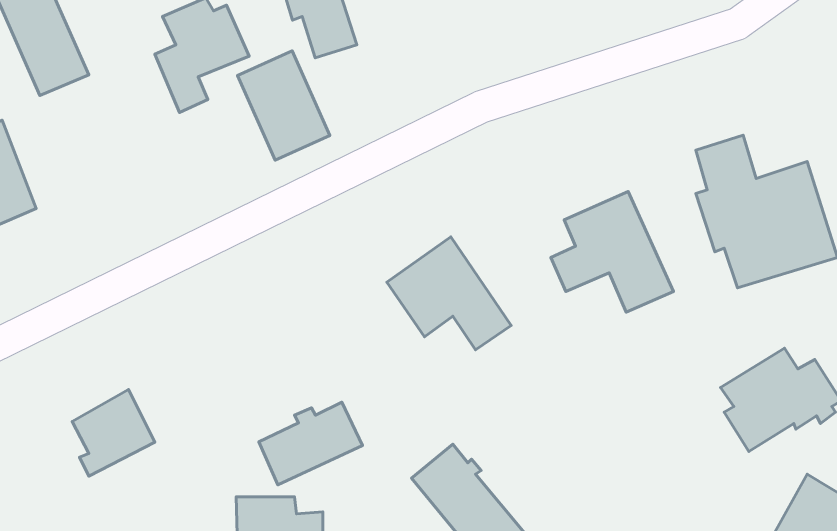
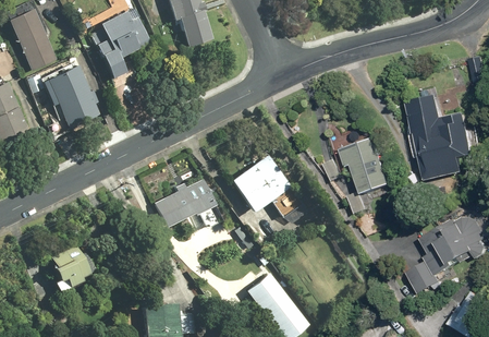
building: [237,51,330,160] -> [44,67,97,130]
building: [259,402,363,485] -> [151,179,211,227]
building: none -> [407,262,439,294]

